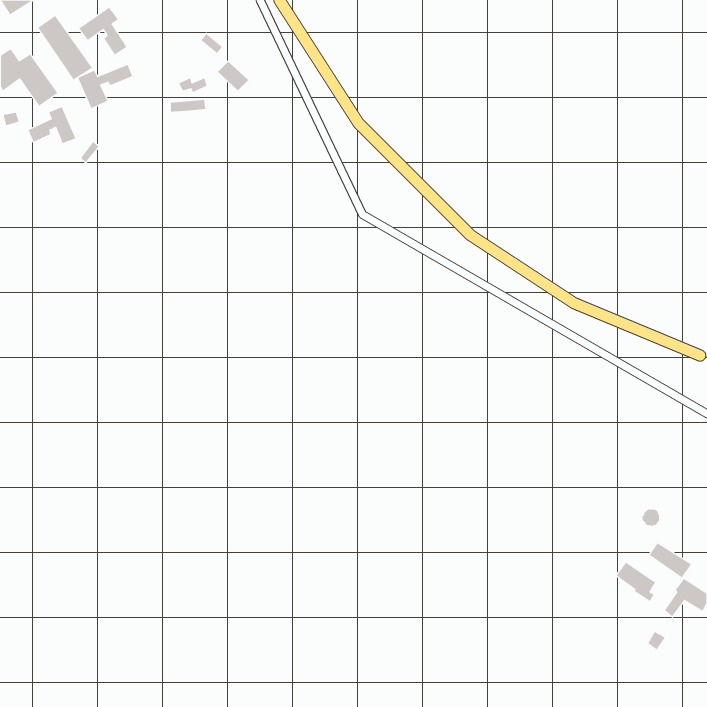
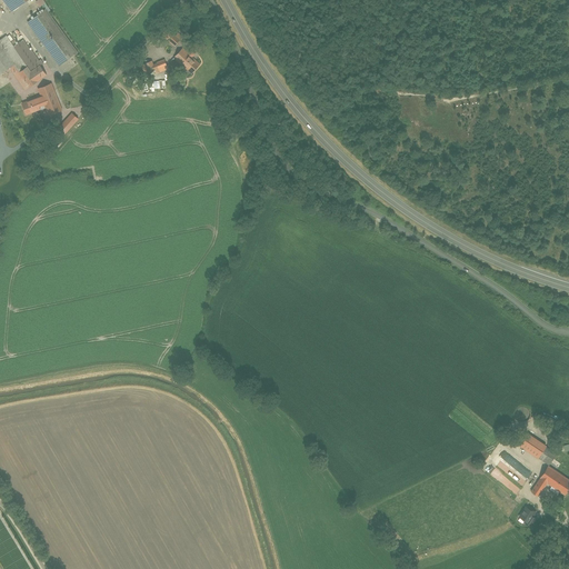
building: [78,7,127,56] -> none
building: [77,64,133,109] -> none

